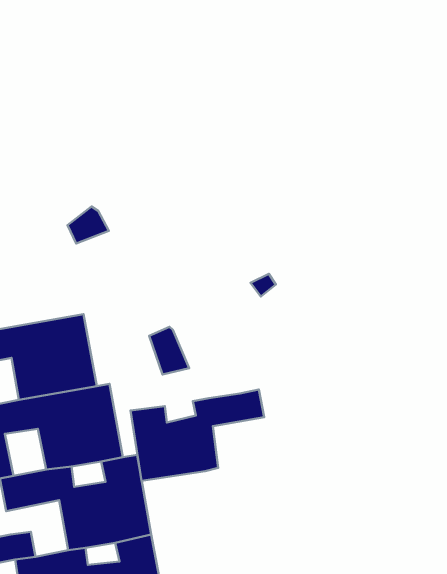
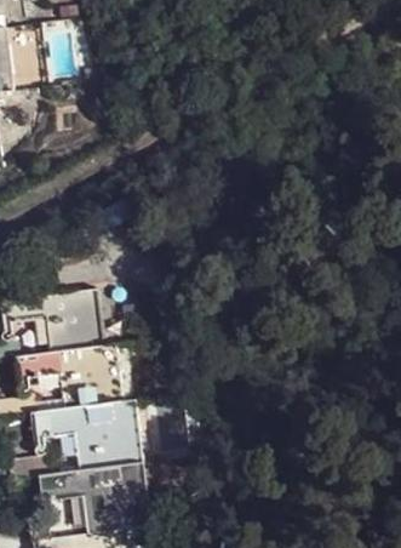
building: [131,390,264,481] -> none

